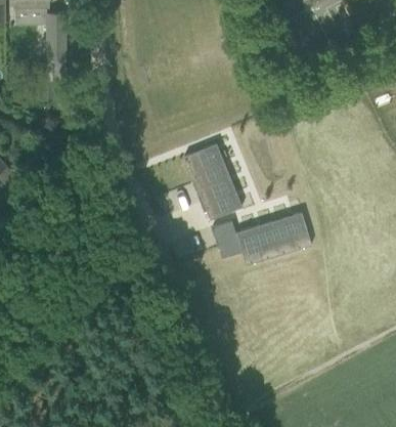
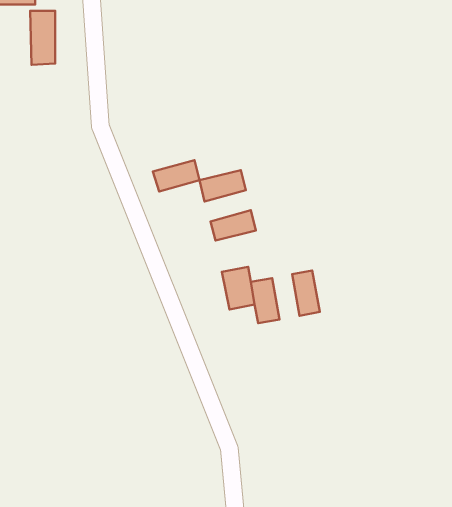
building: [188,160,226,185] -> [153,160,199,191]
building: [197,193,235,218] -> none
building: [276,222,300,259] -> none
building: [244,228,266,265] -> none

